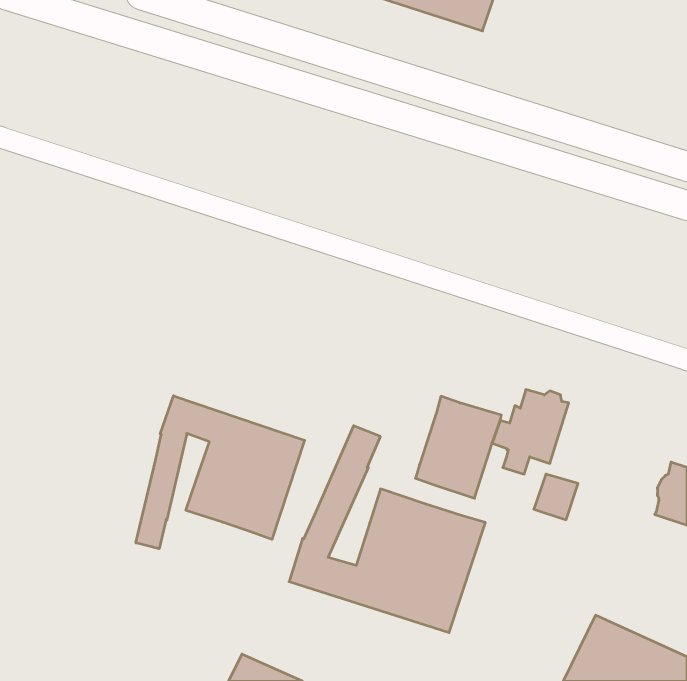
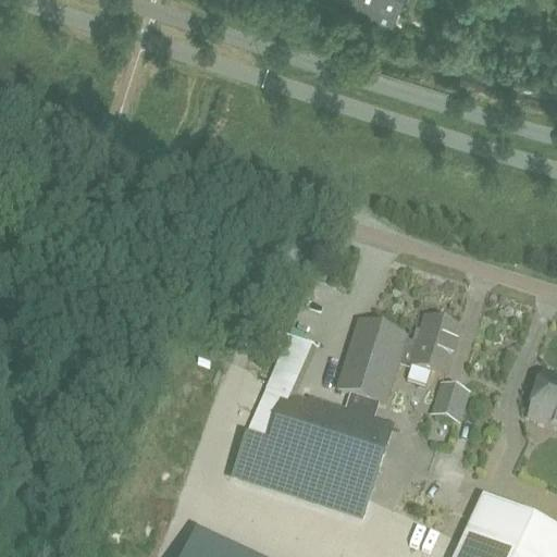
building: [136,396,305,549] -> none

